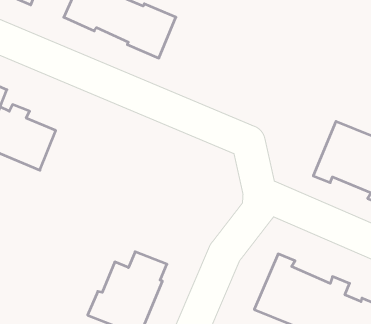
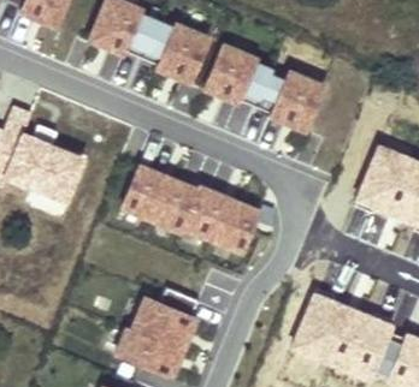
building: none -> [205,43,324,129]
building: none -> [122,165,259,251]

